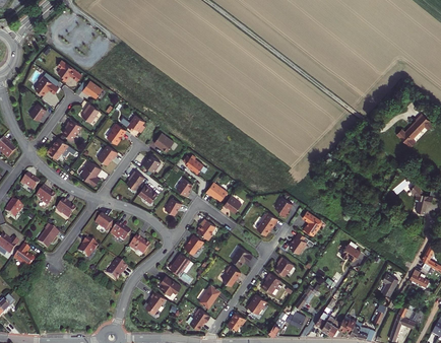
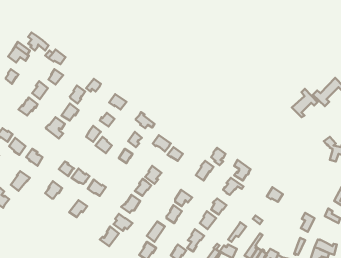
building: none -> [292,89,318,117]

